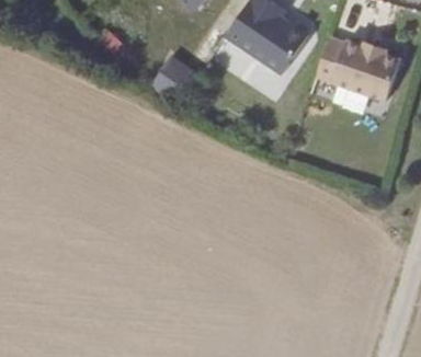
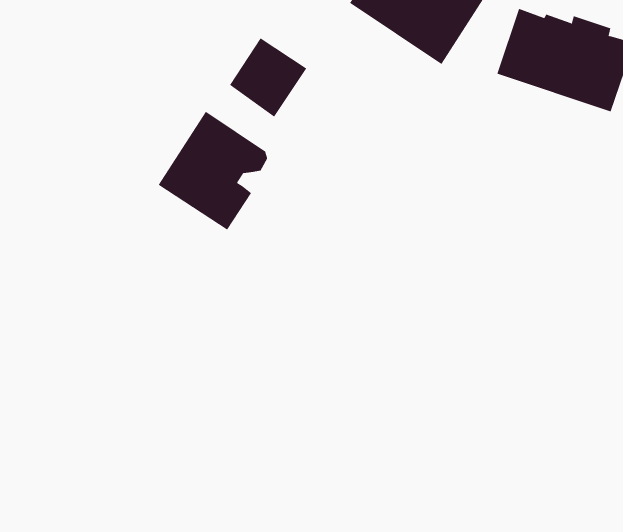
building: none -> [158,111,268,230]

